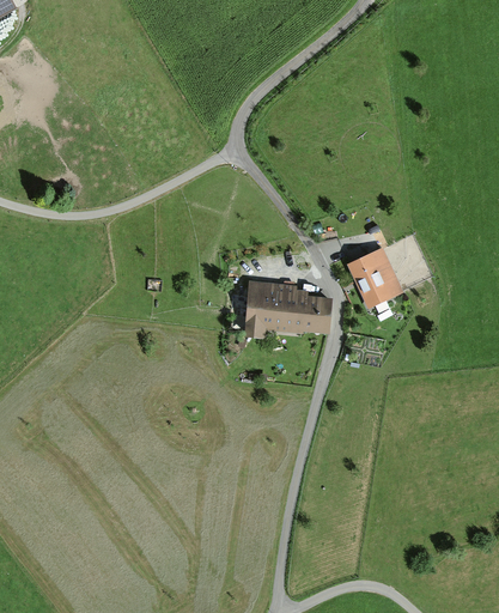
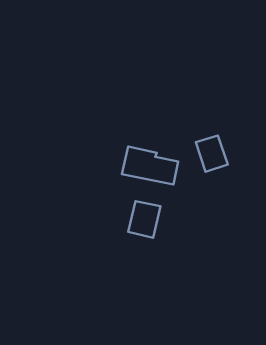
building: none -> [128,201,160,238]

